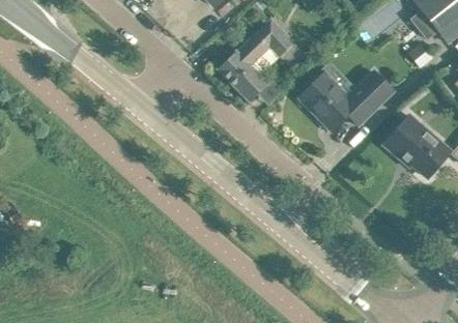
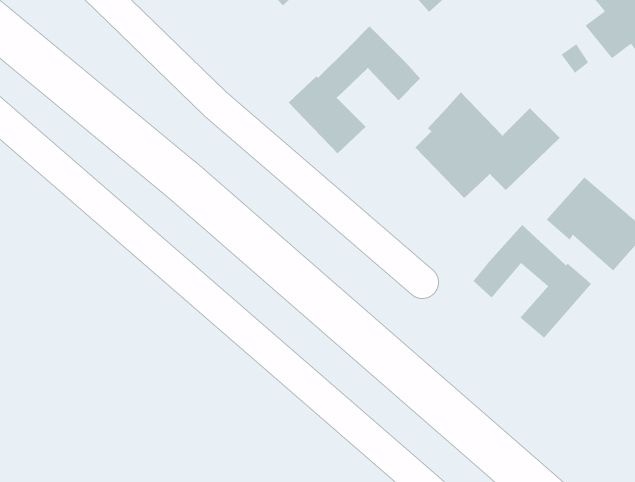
building: none -> [473,224,592,339]

